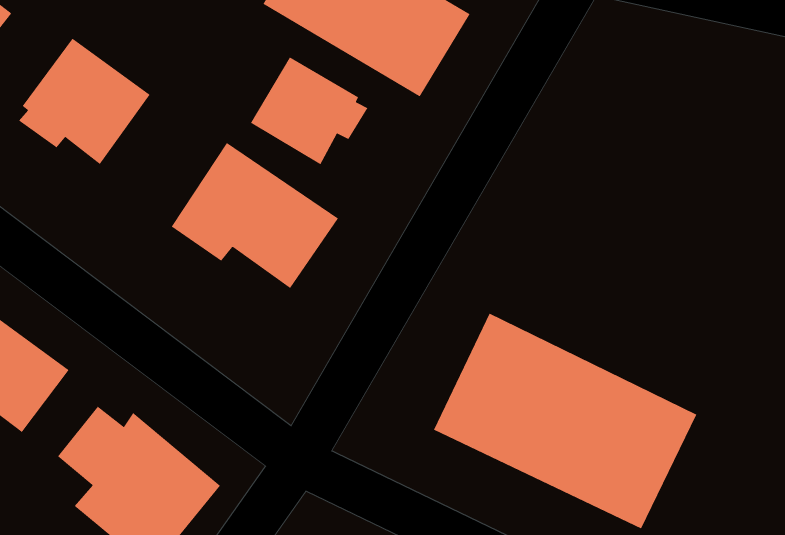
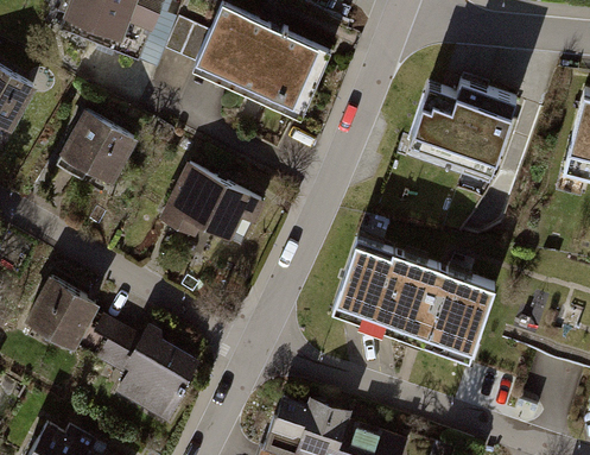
building: [250,57,368,165] -> none
building: none -> [405,81,514,170]

